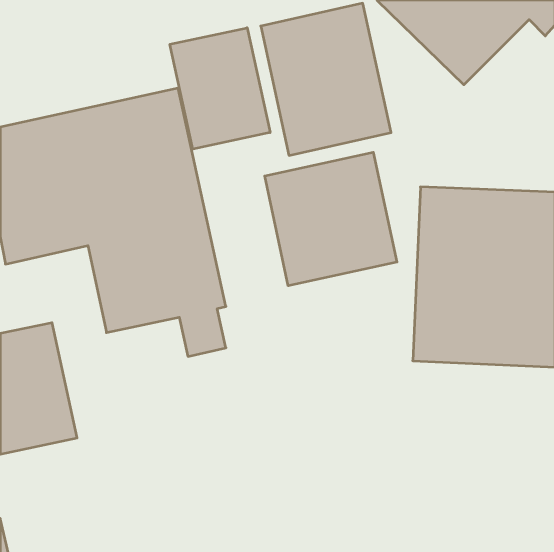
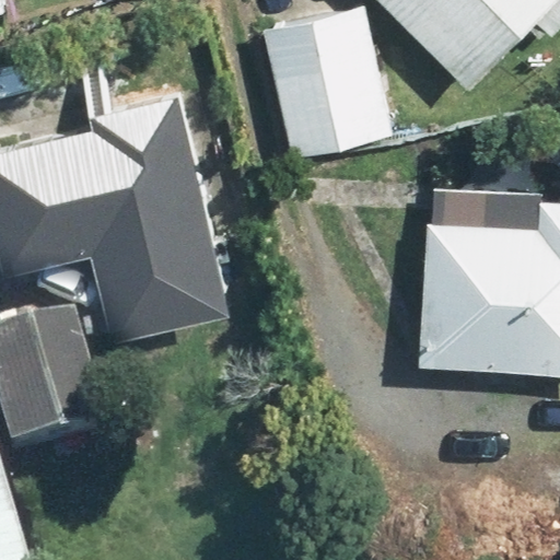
building: [170,28,270,149] -> none
building: [265,152,397,286] -> none

